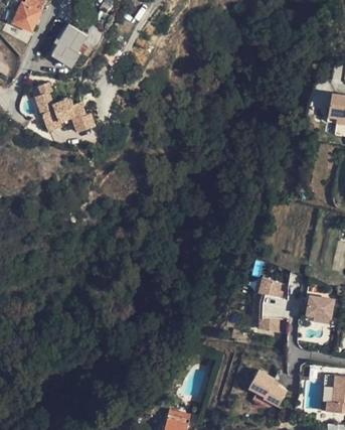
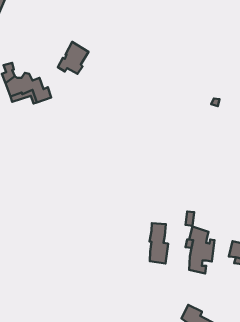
building: [51,25,88,63] -> [58,42,88,74]
building: none -> [150,223,168,263]

